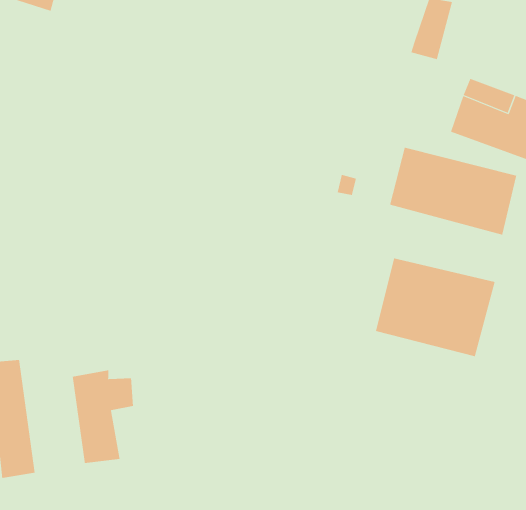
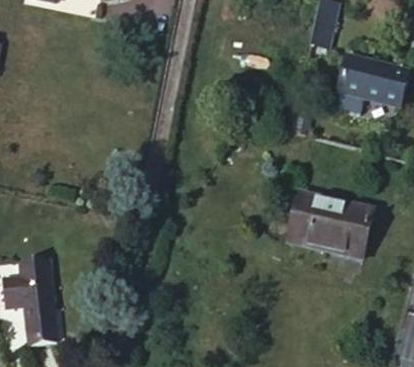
building: [389,147,517,235] -> none
building: [72,370,133,464] -> none

